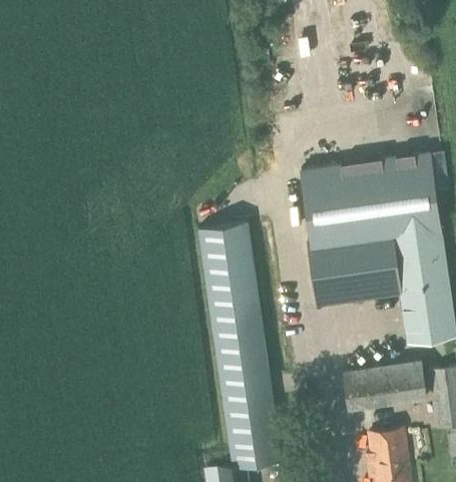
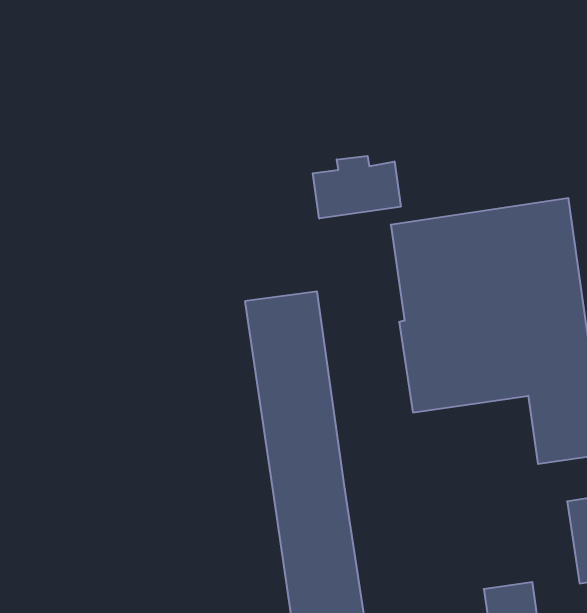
building: none -> [313,156,401,219]
building: [343,361,425,408] -> none

